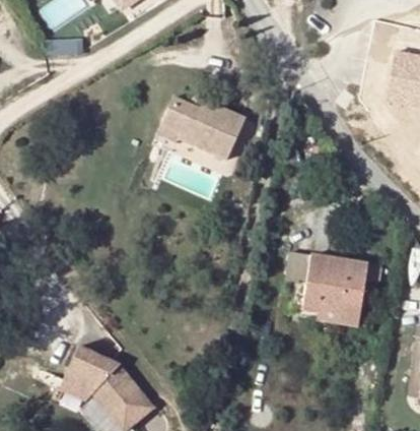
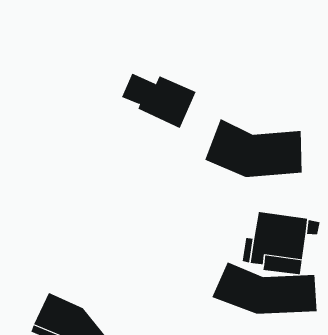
building: none -> [205,118,302,178]
building: none -> [212,261,317,314]

